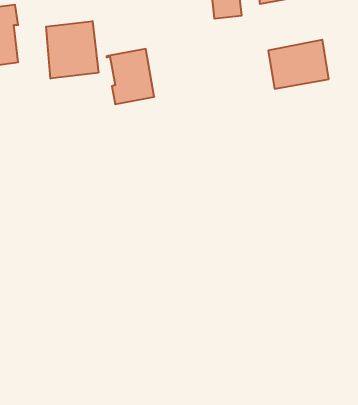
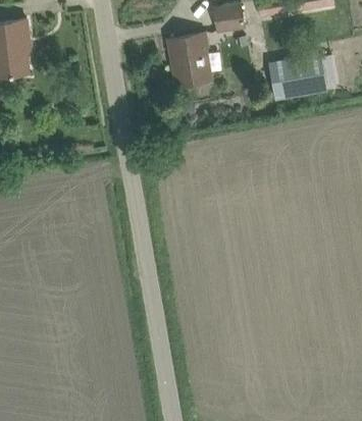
building: [46,21,98,79] -> none
building: [107,49,154,104] -> [166,33,212,86]

